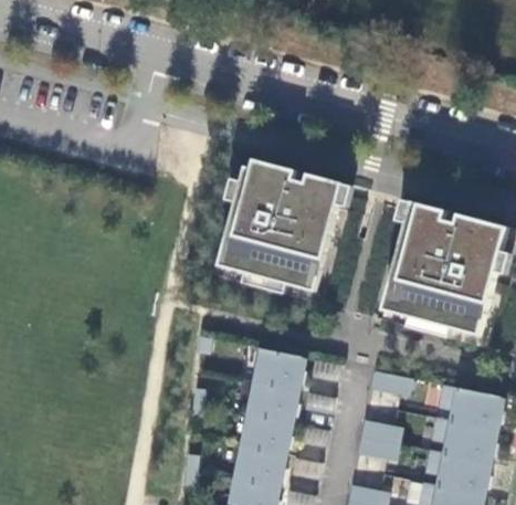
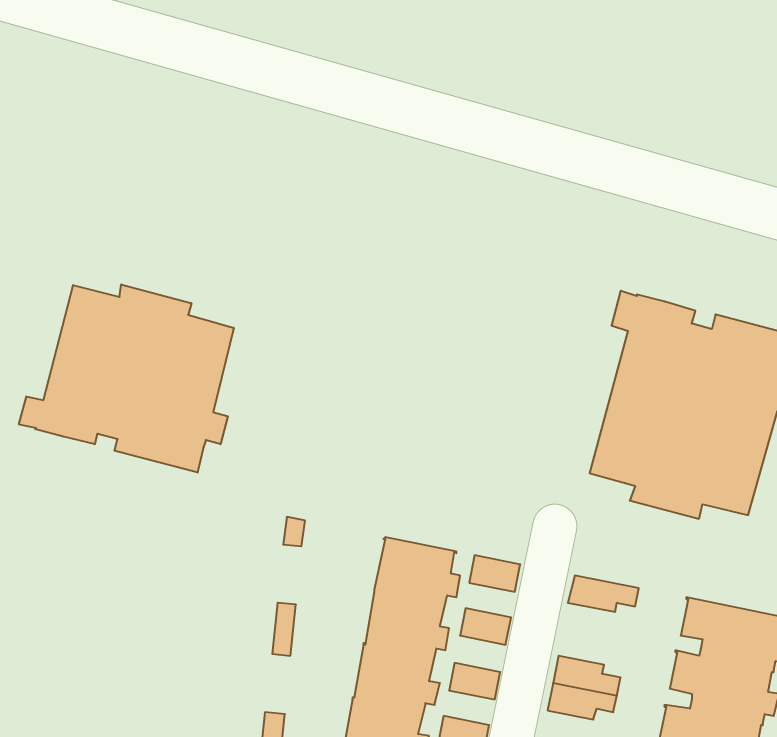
building: [218,159,354,294] -> none
building: none -> [19,284,234,473]

